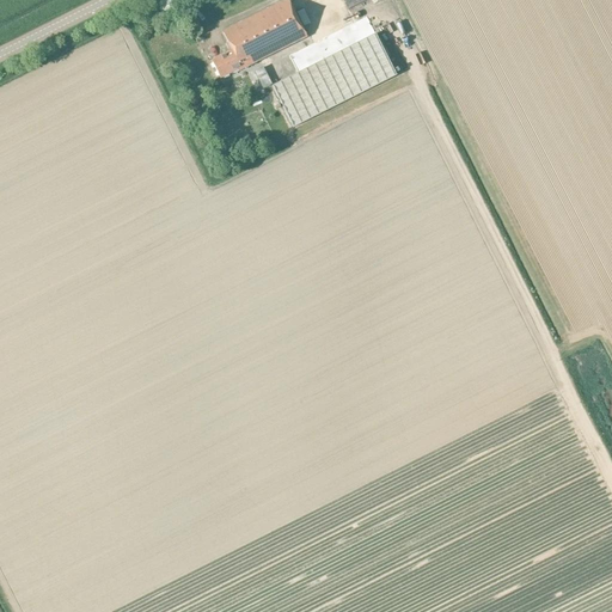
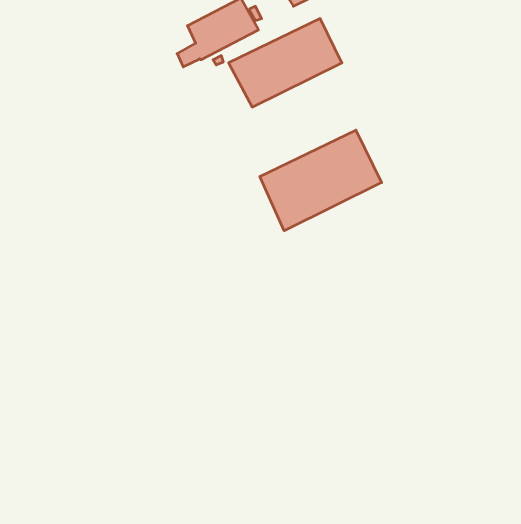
building: none -> [260,130,382,231]

